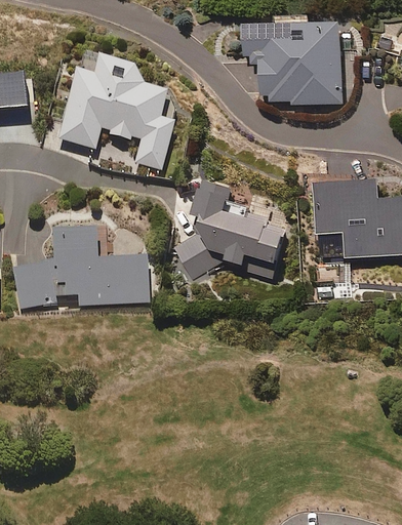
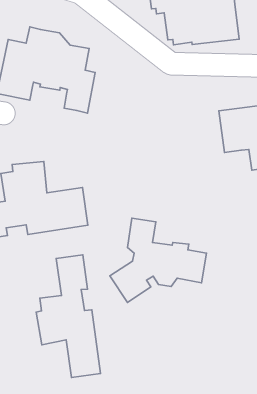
building: [172,180,287,278] -> [110,218,207,302]
building: none -> [36,255,101,378]

